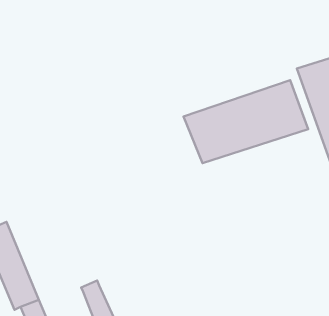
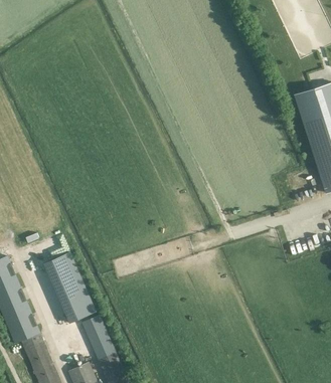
building: [183,80,308,163] -> none
building: none -> [43,251,96,323]

